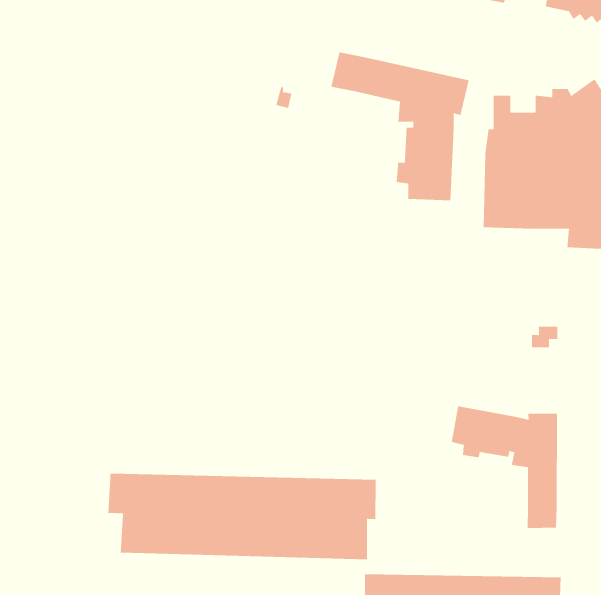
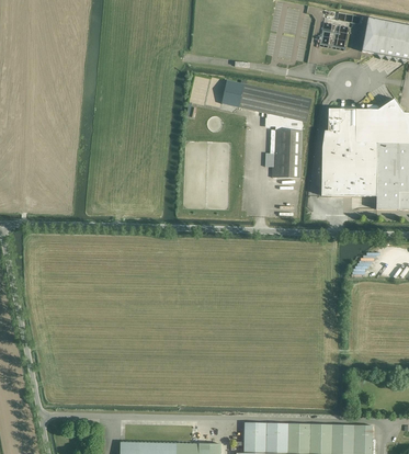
building: [451,406,558,529] -> none
building: [108,473,376,560] -> none

